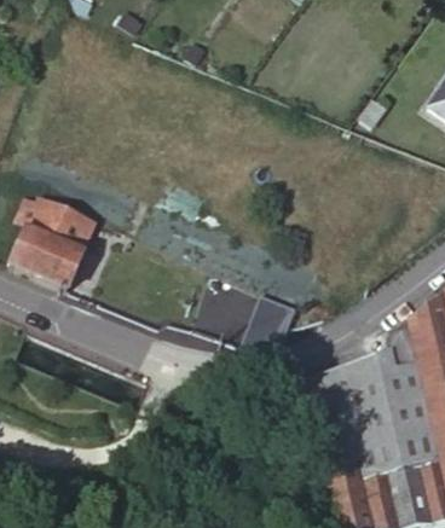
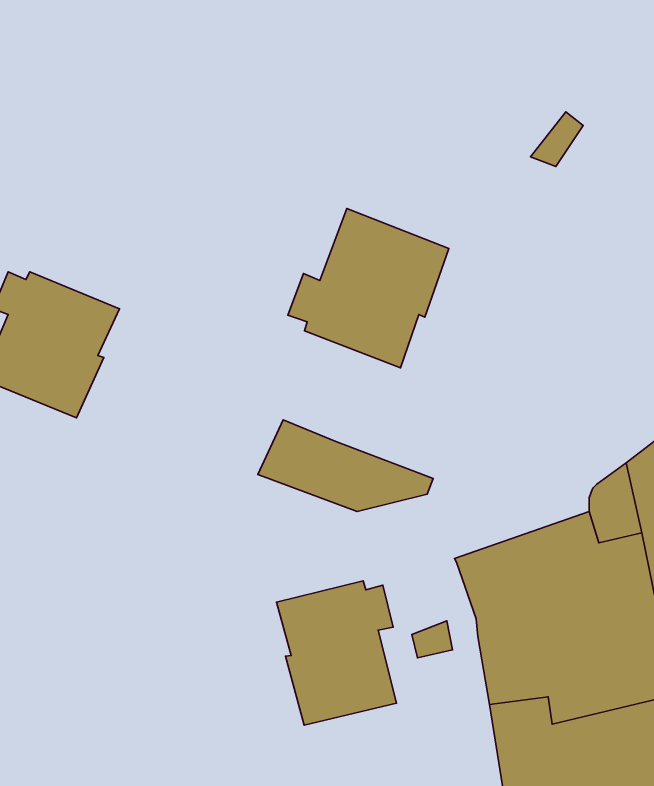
building: none -> [288,209,449,368]
building: none -> [276,581,397,725]

